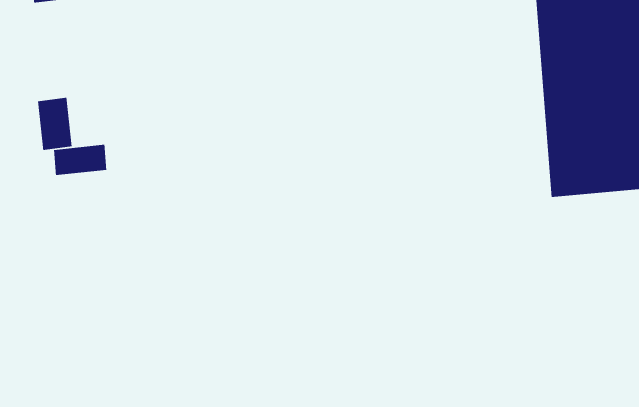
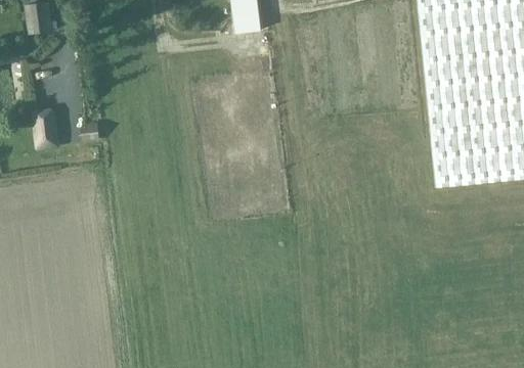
building: [53,144,107,176] -> none

